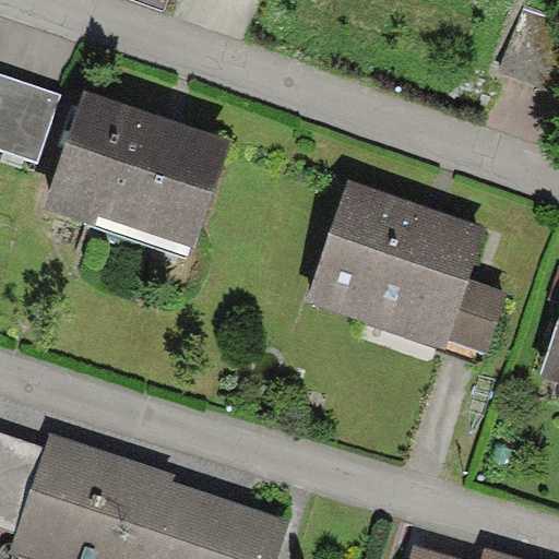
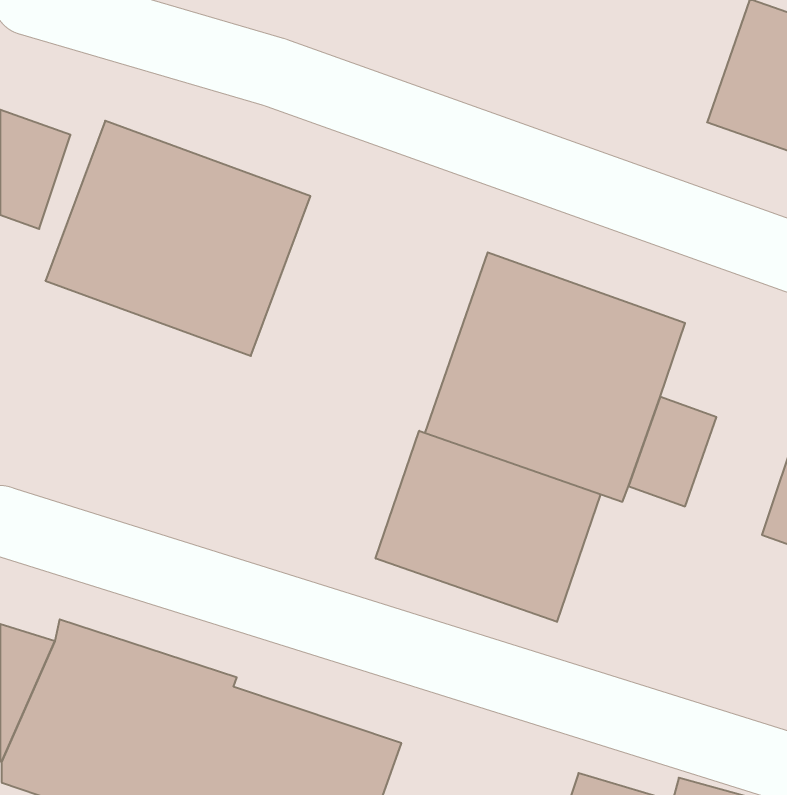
building: none -> [376,431,601,622]

